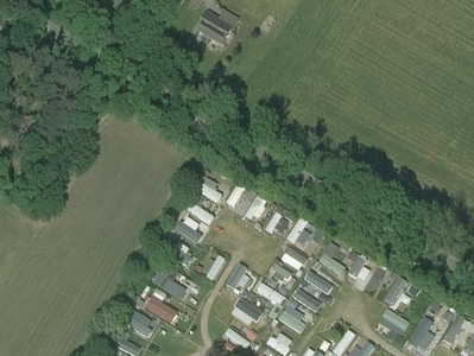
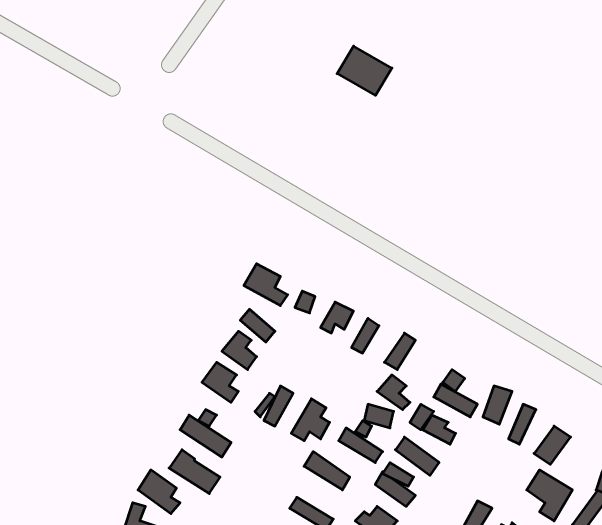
building: [197,12,233,44] -> [337,46,392,95]

